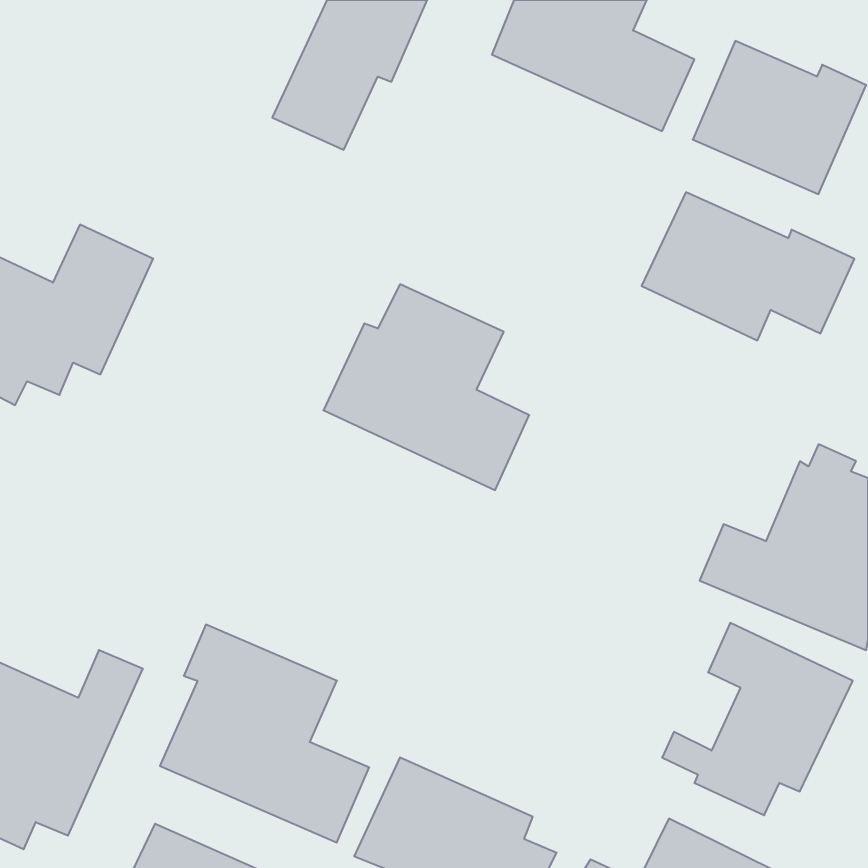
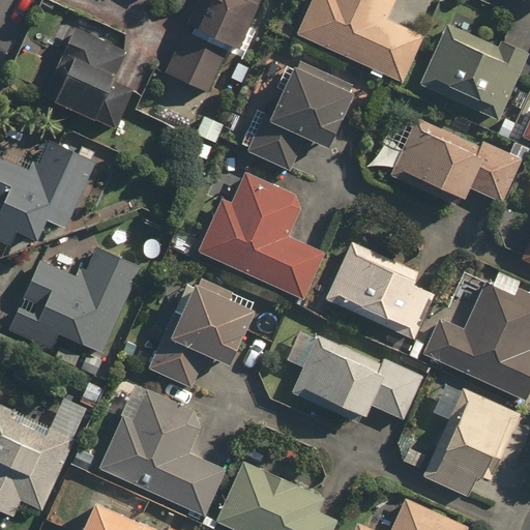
building: none -> [46,29,135,127]
building: none -> [246,58,356,169]
building: none -> [324,240,434,341]
building: none -> [7,246,142,355]
building: none -> [148,276,258,389]
building: none -> [287,327,423,422]

